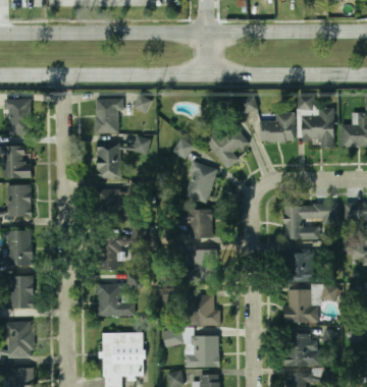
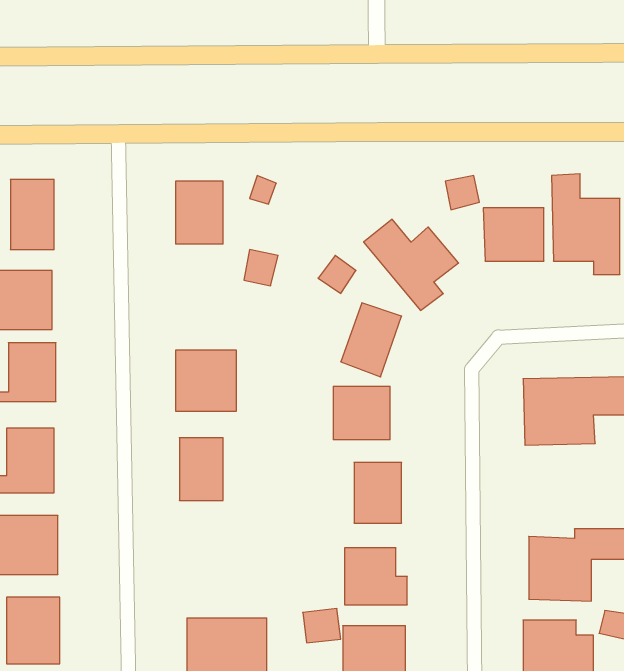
building: [97,143,120,178] -> none
building: [285,248,321,281] -> none
building: [97,284,133,317] -> none

